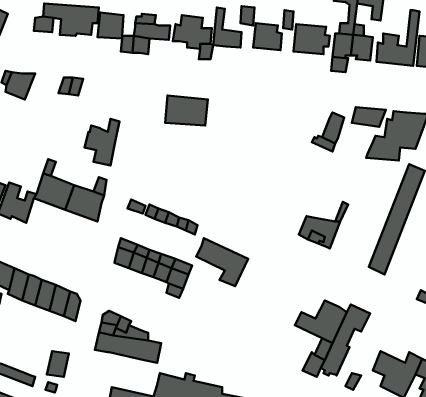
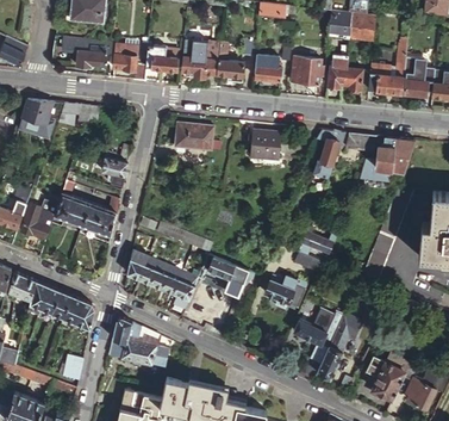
building: none -> [249,130,281,159]
building: none -> [263,272,306,309]

